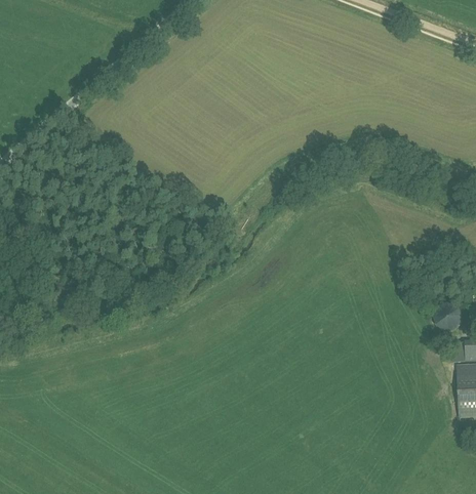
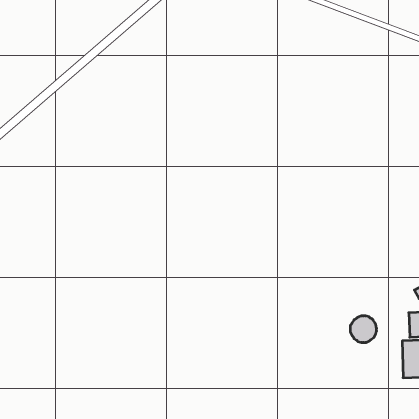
building: [433,299,462,328] -> [350,316,377,342]

